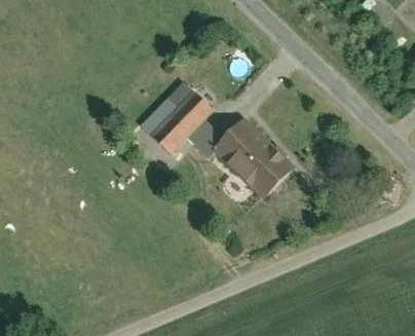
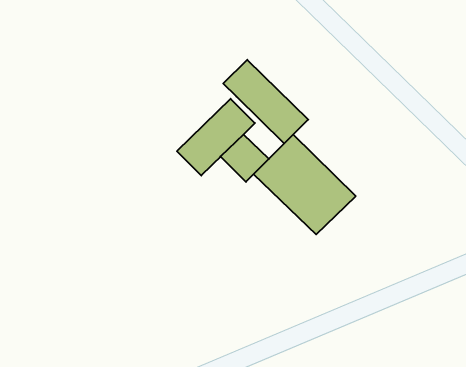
building: none -> [223,60,308,143]

